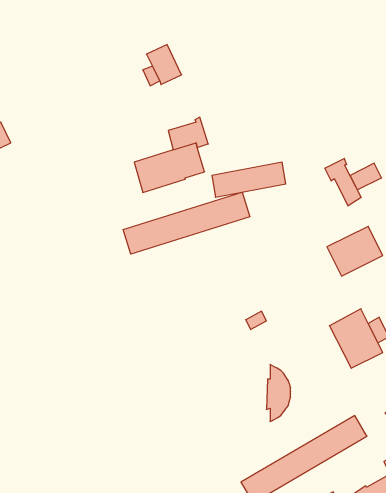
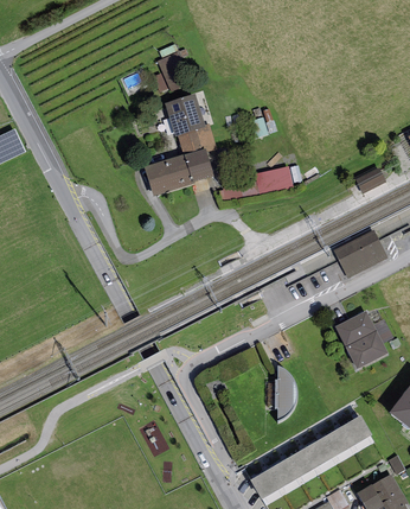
building: none -> [165,94,205,138]
building: [325,158,361,206] -> none
building: [123,192,250,254] -> none

